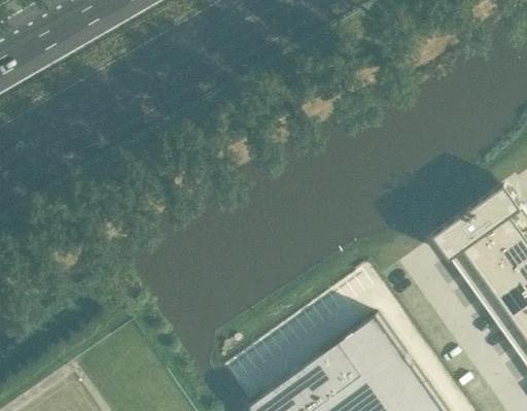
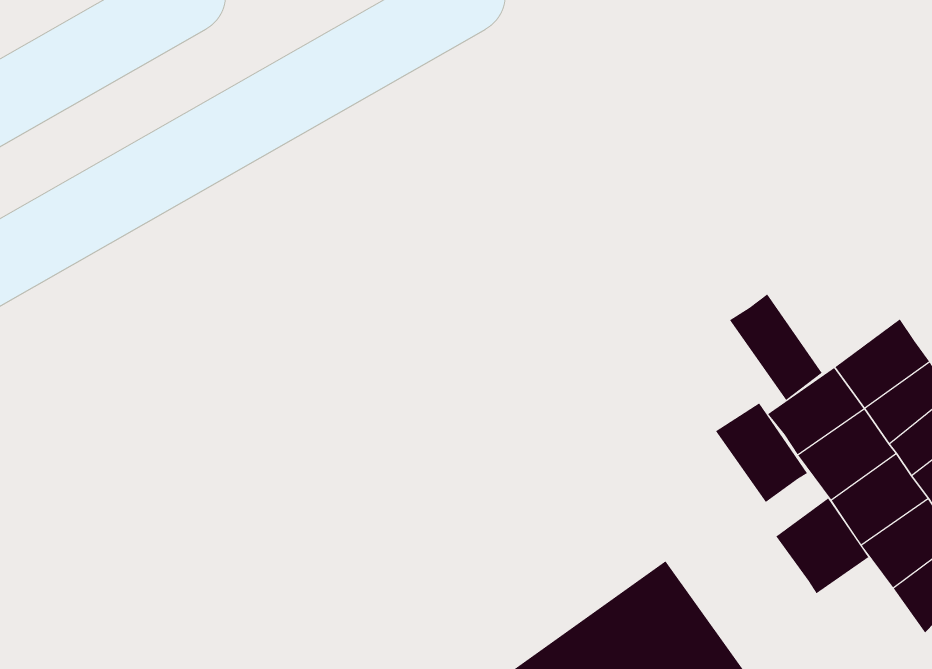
building: none -> [729,293,823,401]
building: none -> [715,402,808,503]
building: none -> [775,498,869,594]

